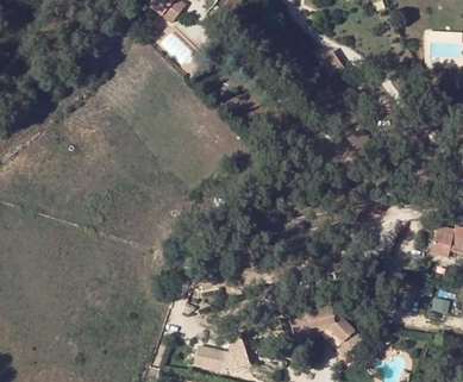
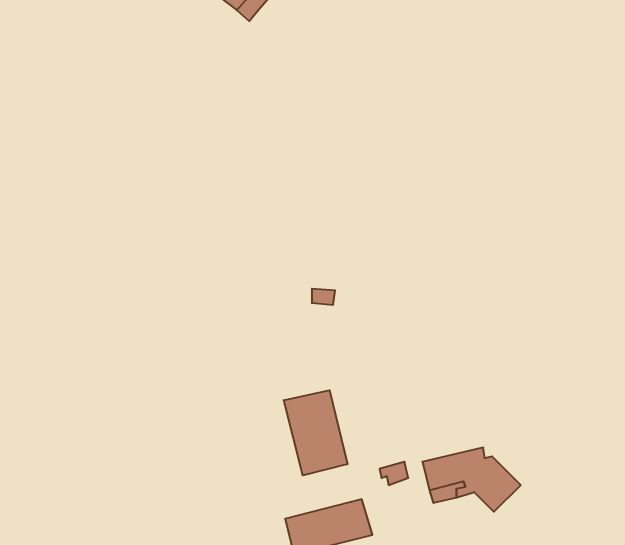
building: none -> [284,390,347,475]

